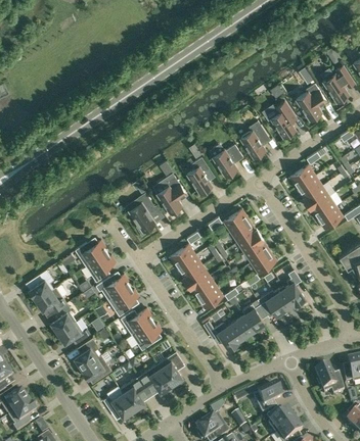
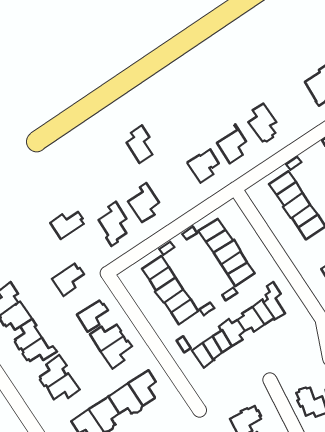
building: [295,84,326,119] -> none
building: [187,157,212,193] -> [127,125,153,163]
building: [75,240,106,265] -> [50,212,84,239]
building: [95,274,130,299] -> none

